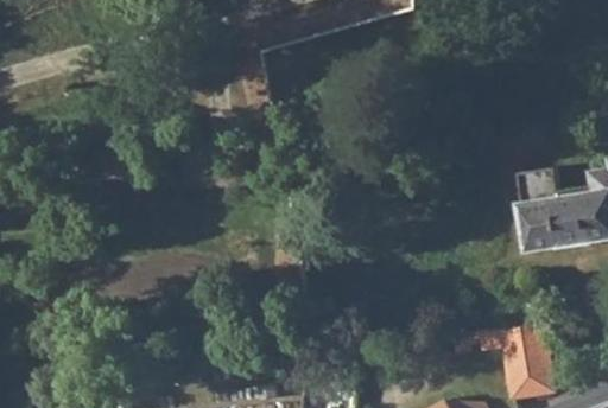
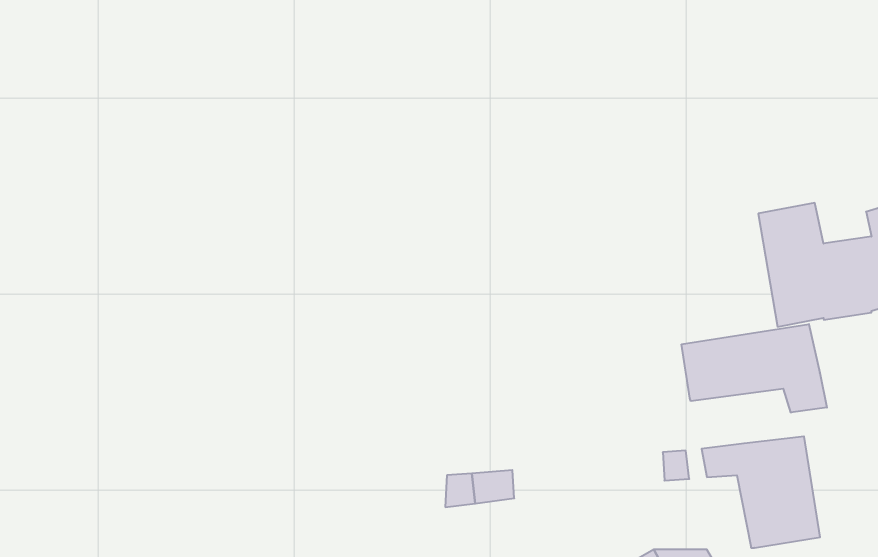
building: none -> [682,324,827,413]

